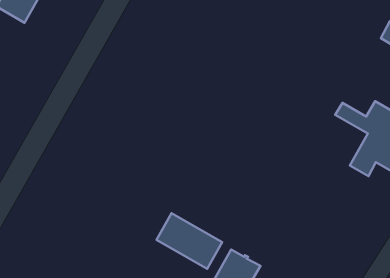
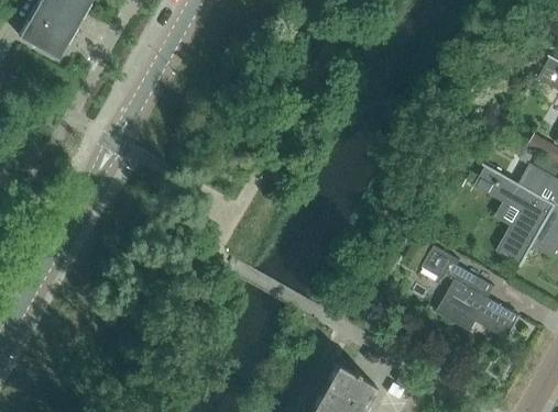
building: none -> [424,248,521,350]
building: [157,213,222,269] -> none

